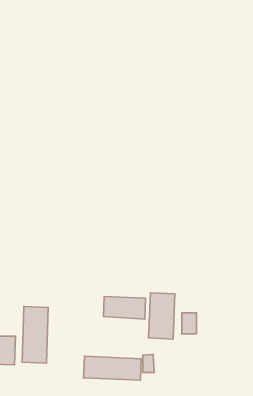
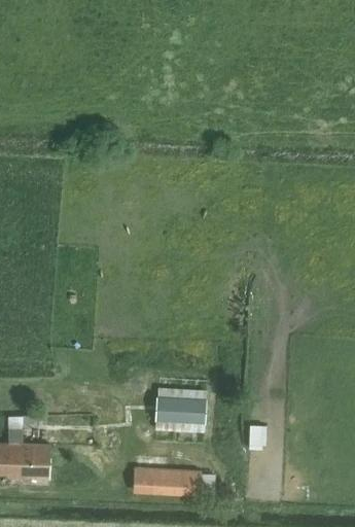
building: [149,293,175,339] -> none
building: [22,307,48,363] -> none

